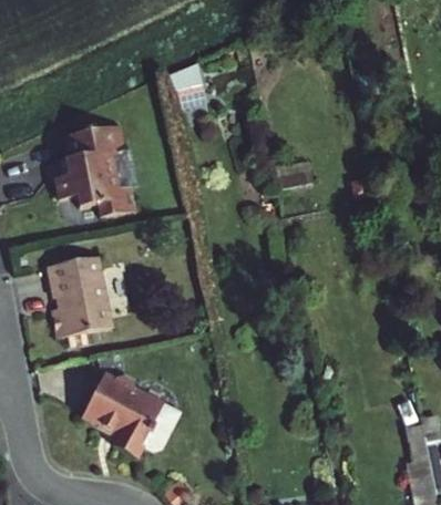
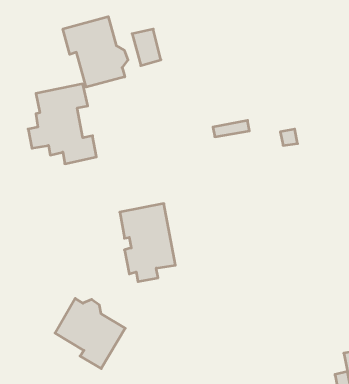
building: none -> [63,17,128,87]
building: [48,256,112,346] -> [120,204,175,282]

